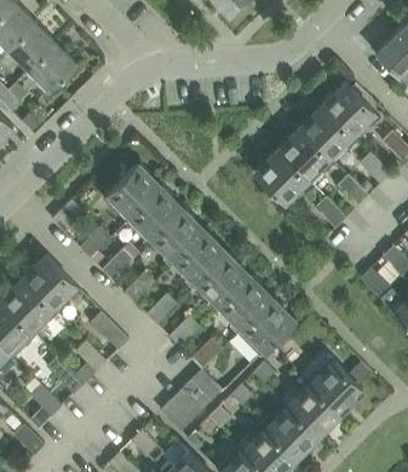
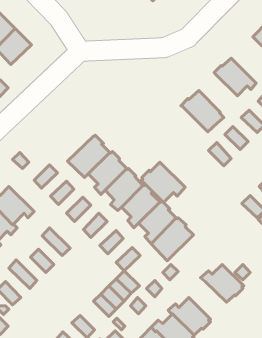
building: [300,103,357,155] -> none
building: [254,148,314,202] -> [141,162,185,202]
building: [102,165,160,221] -> none
building: [282,384,340,434] -> none

